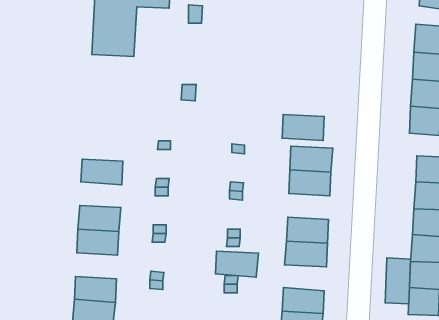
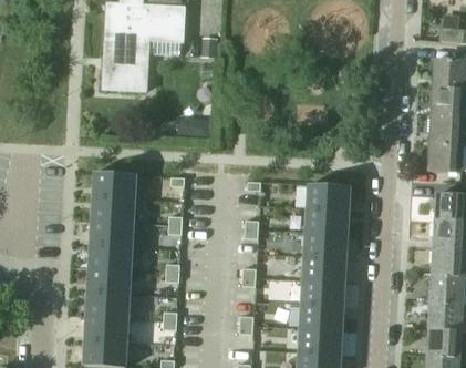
building: [282,114,324,140] -> [303,233,346,259]
building: none -> [92,173,135,200]
building: none -> [90,221,133,247]
building: [215,251,258,277] -> [299,306,343,333]
building: none -> [85,294,128,320]
building: [385,258,411,304] -> none

